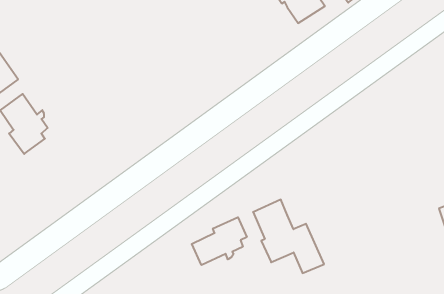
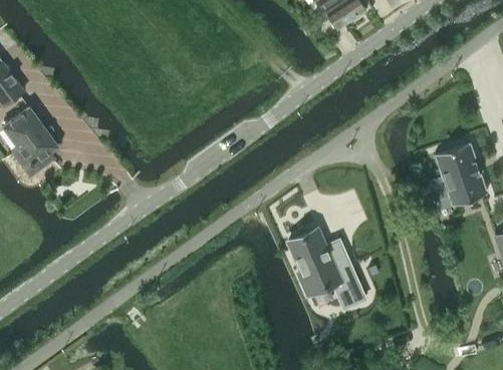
building: none -> [427,141,486,205]
building: [192,217,247,265] -> none

